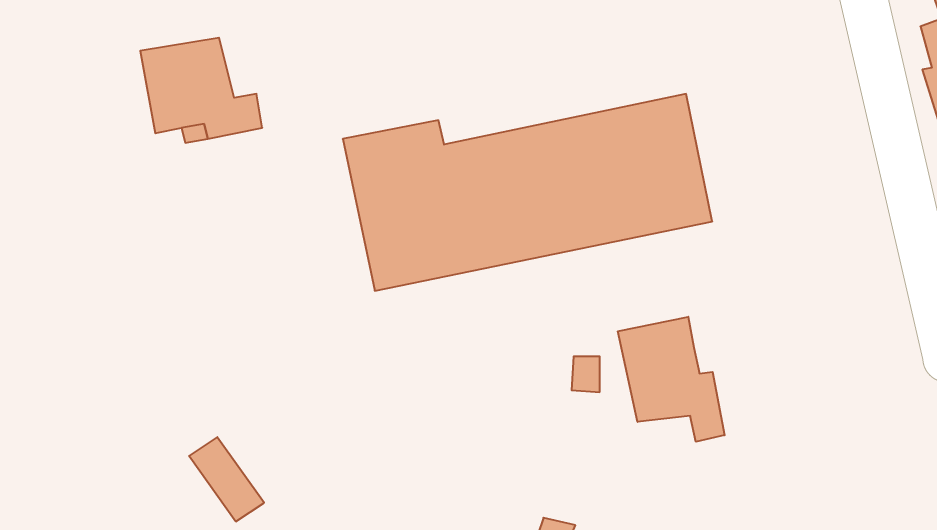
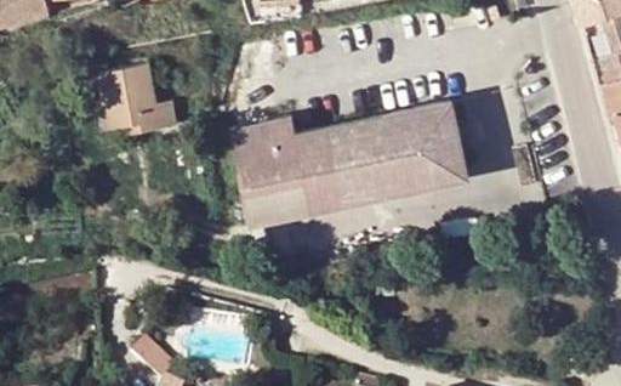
building: [618,317,725,442] -> none

